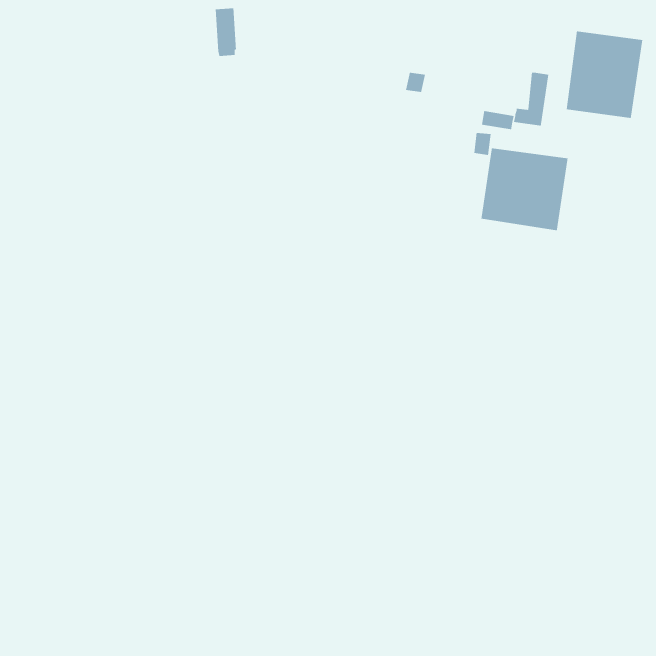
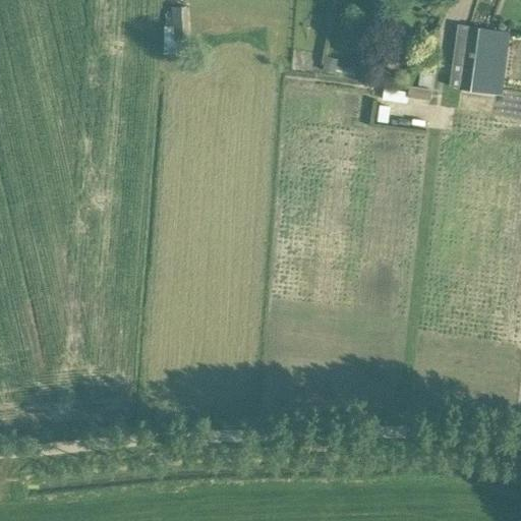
building: [481,147,568,231] -> none

